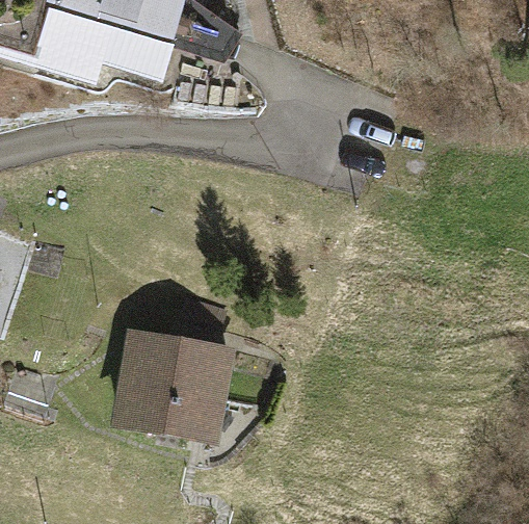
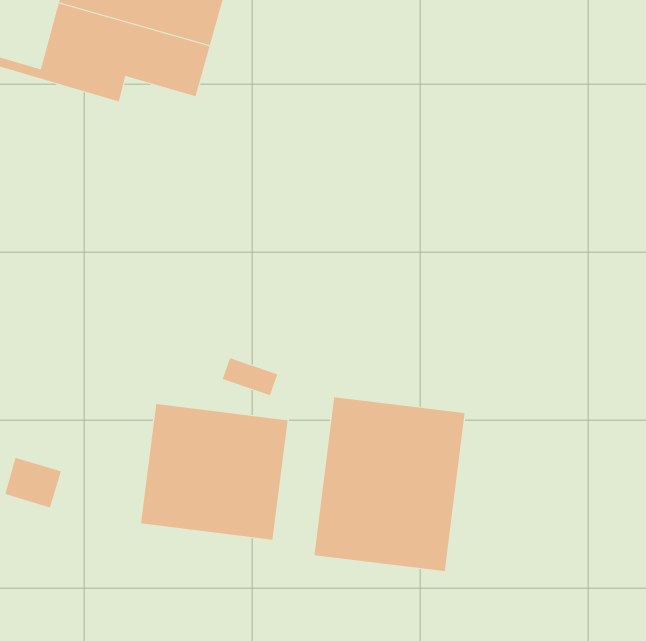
building: none -> [314,397,465,572]

